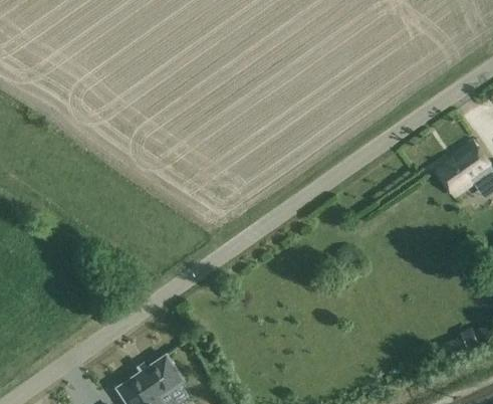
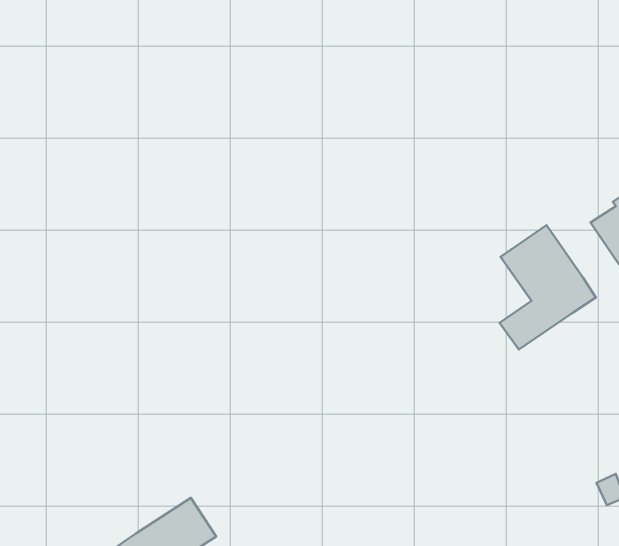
building: none -> [500,225,596,349]

